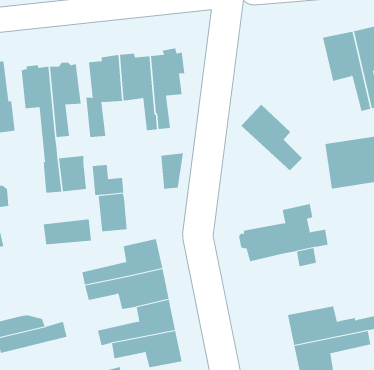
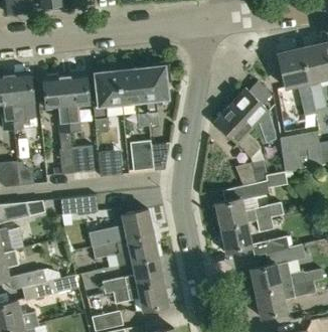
building: none -> [229,88,277,143]
building: none -> [236,159,268,187]
building: [98,193,127,232] -> [130,141,153,171]
building: none -> [219,221,287,257]

